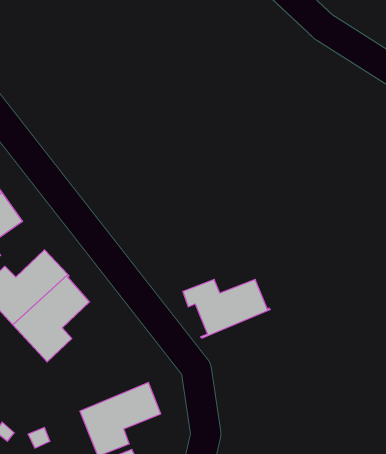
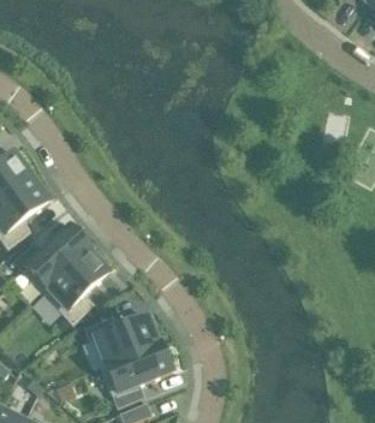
building: [183,279,270,338] -> [84,315,161,367]

